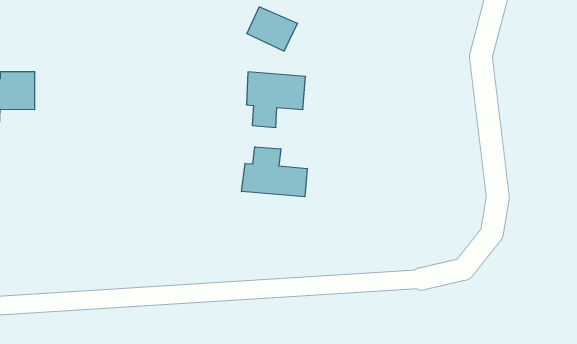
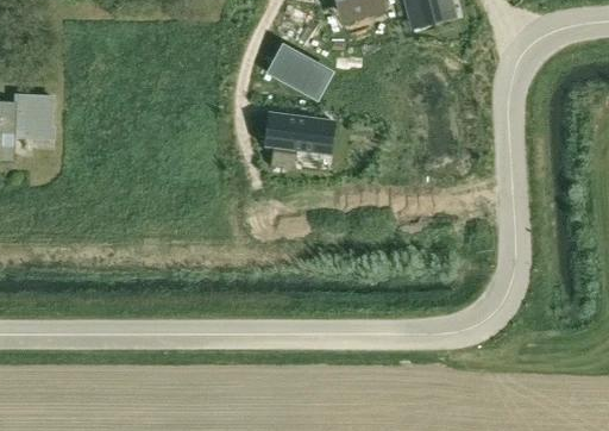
building: [242,147,307,197] -> none

